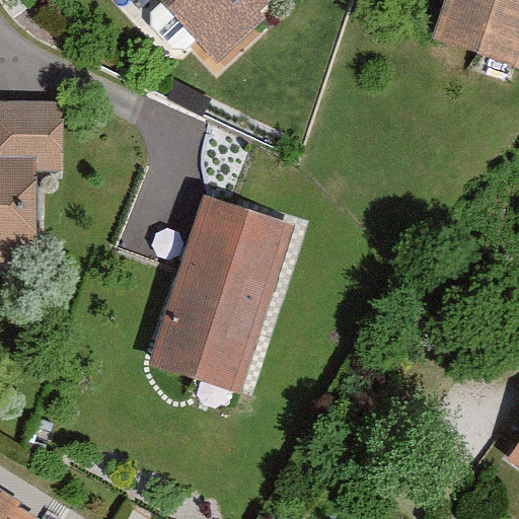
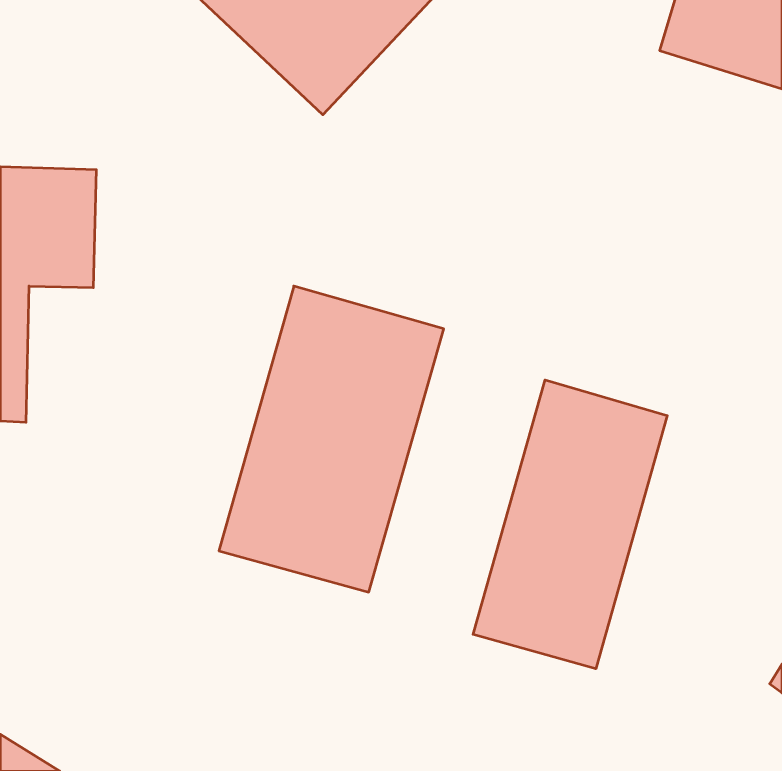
building: none -> [473,380,667,669]

